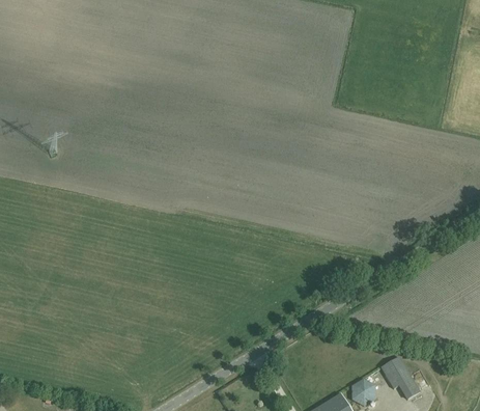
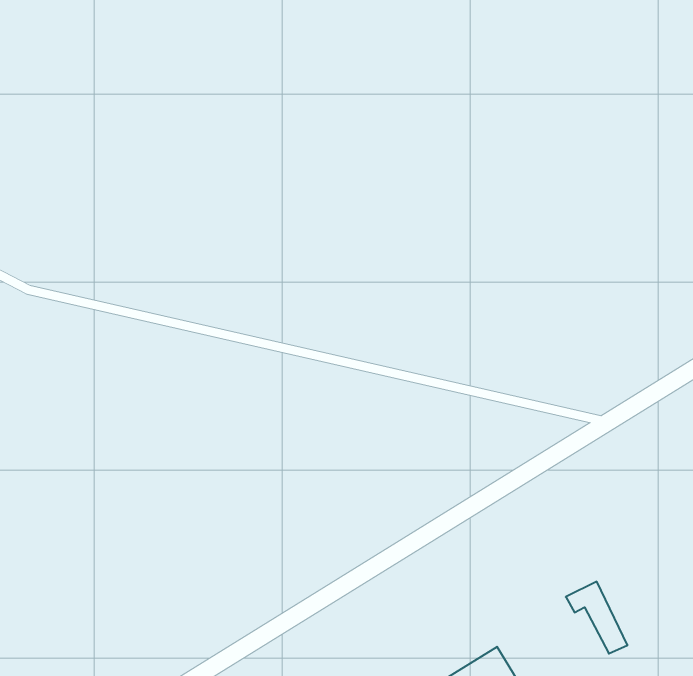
building: [351,378,375,406] -> none

